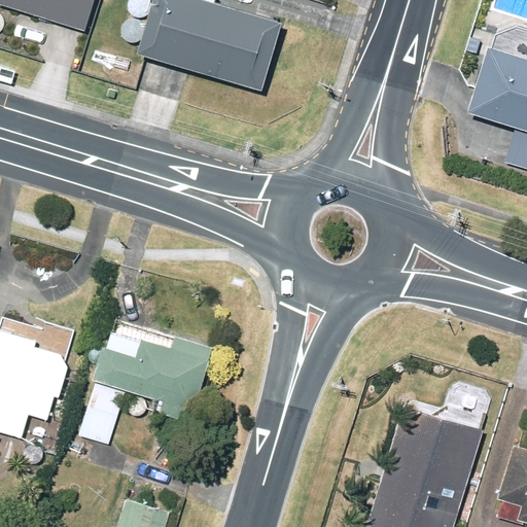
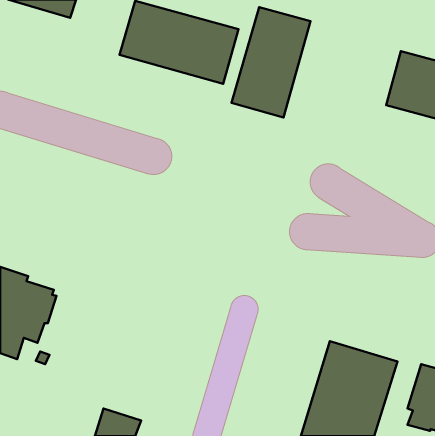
building: none -> [232,7,310,118]
building: [80,313,214,438] -> none

